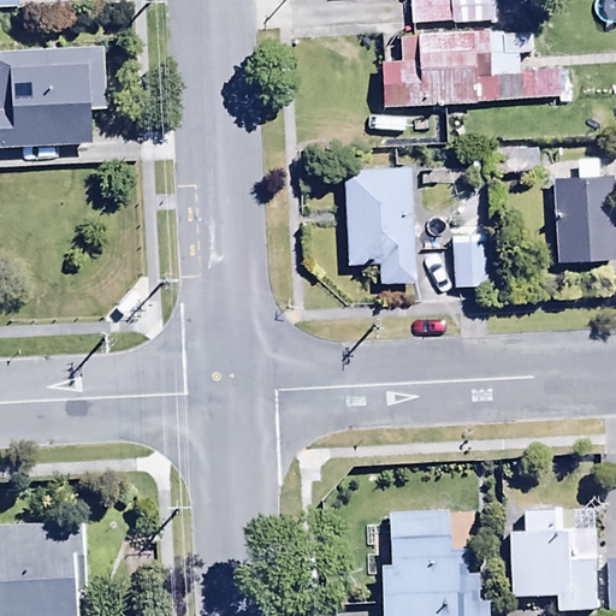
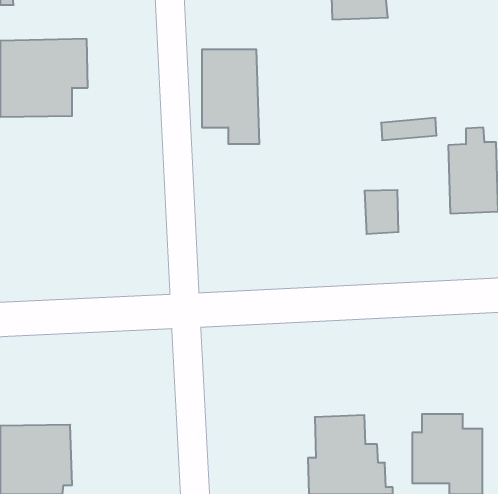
building: [380,30,557,106] -> none
building: [345,166,416,283] -> [202,49,259,144]

